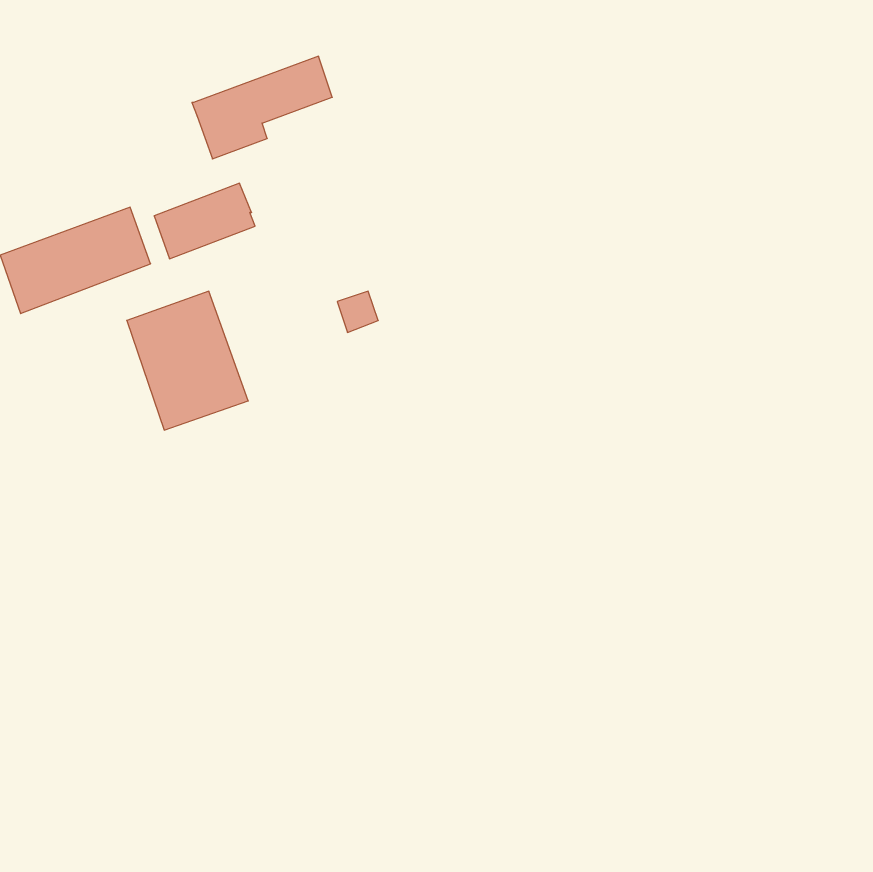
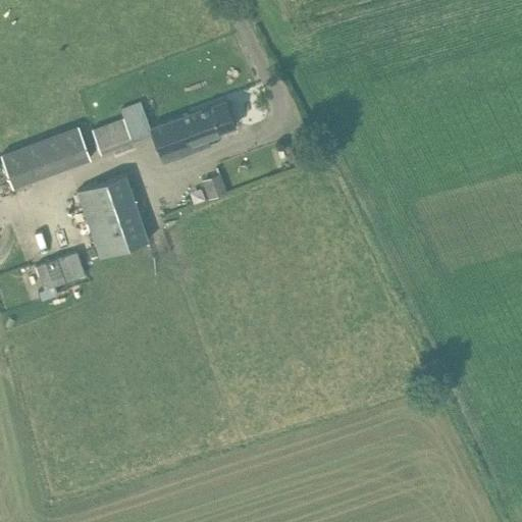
building: [192,56,332,159] -> [149,101,232,162]
building: none -> [38,256,89,294]

